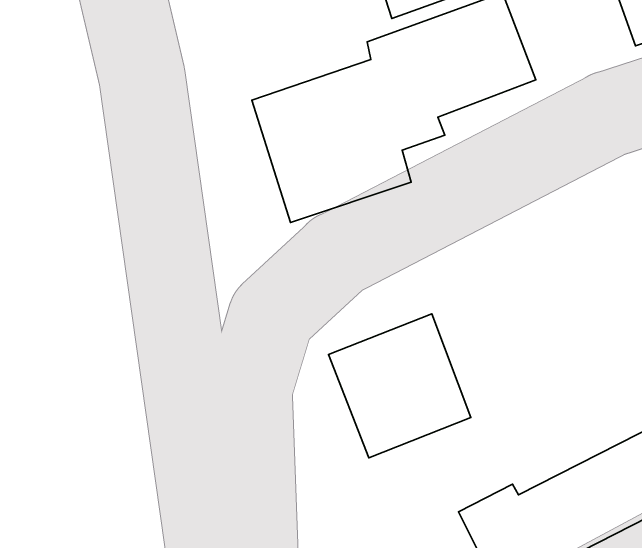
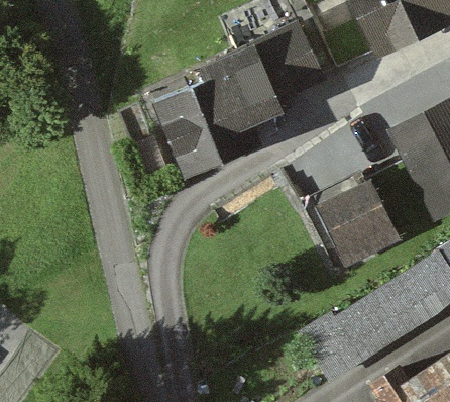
building: [328,314,471,458] -> [307,179,393,267]

